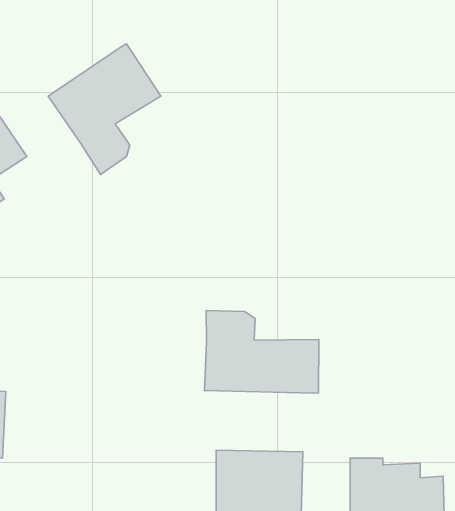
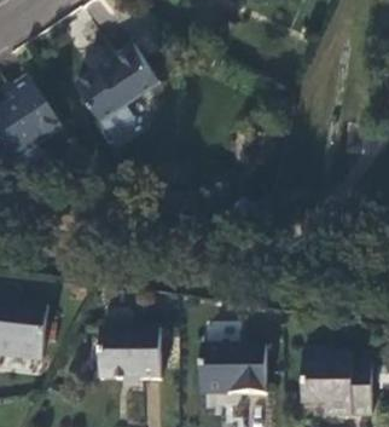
building: [205,311,319,393] -> none
building: none -> [99,325,159,376]

